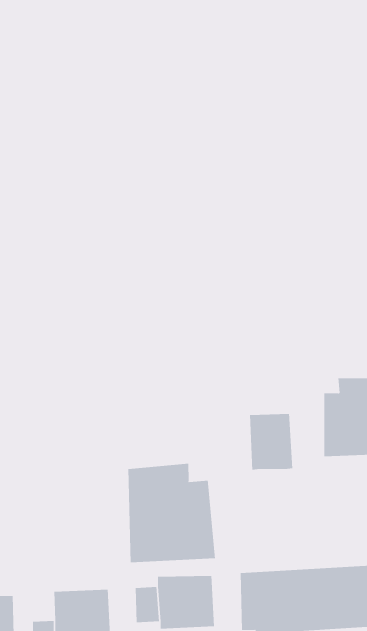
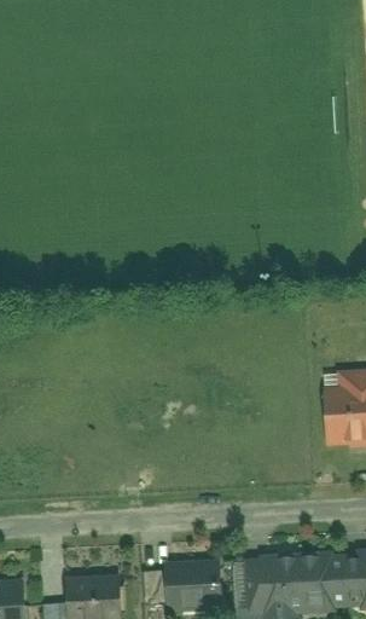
building: [250,413,293,470] -> none
building: [128,463,215,563] -> none

